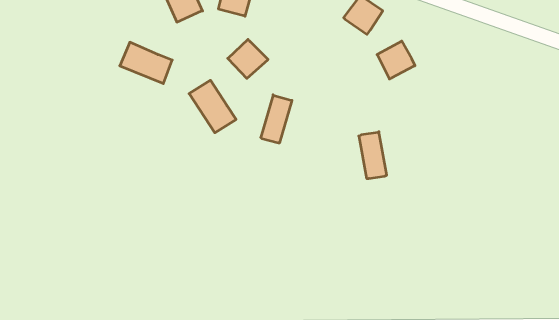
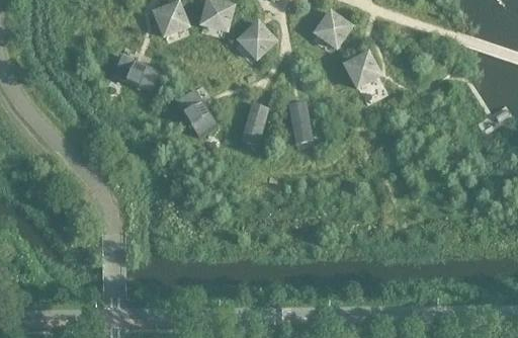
building: [228,39,268,78] -> [239,22,275,58]
building: [359,132,387,178] -> [287,100,313,143]

